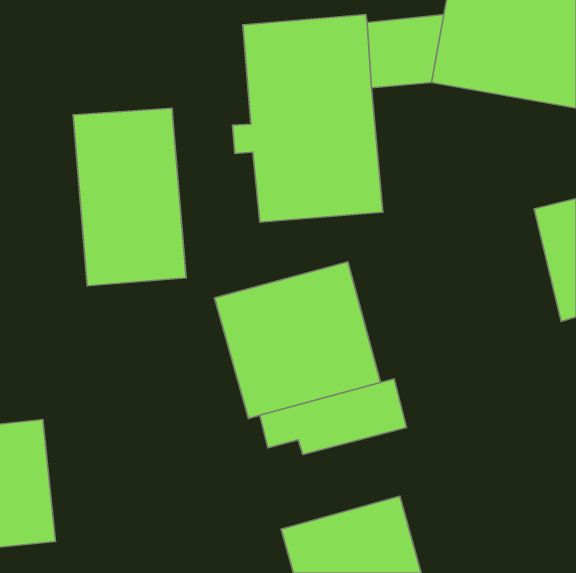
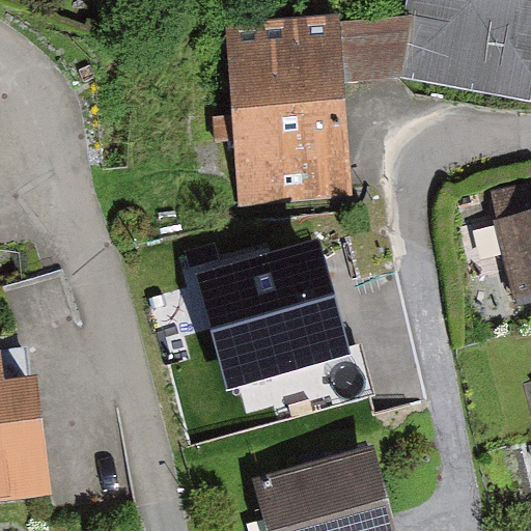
building: [73,108,186,286] -> none

